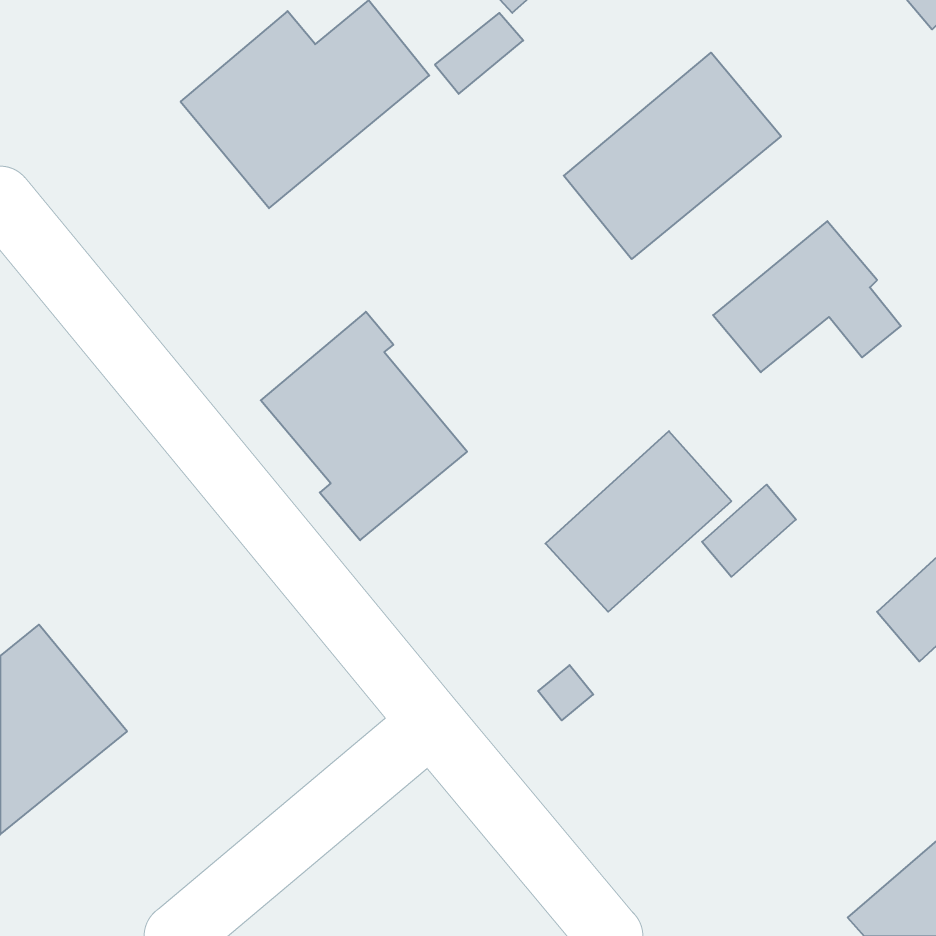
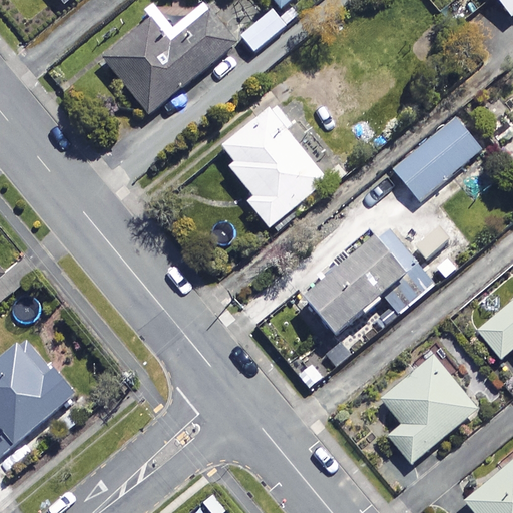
building: [564,53,781,259] -> none
building: [261,312,467,540] -> [215,103,328,227]
building: none -> [382,354,479,463]

